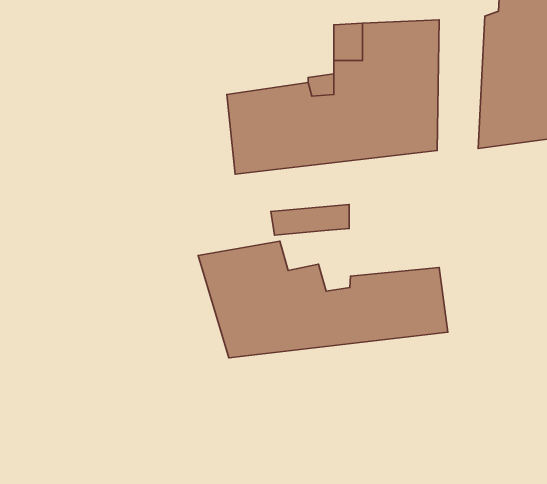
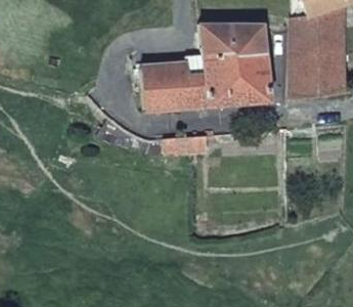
building: [198,241,448,358] -> none

